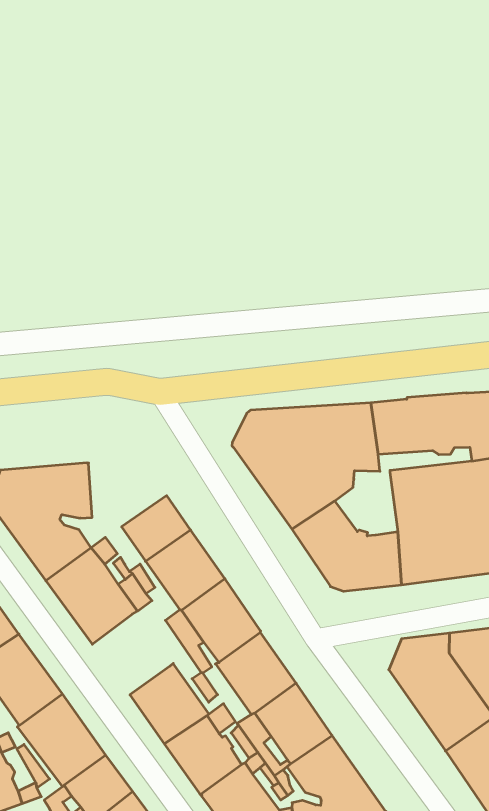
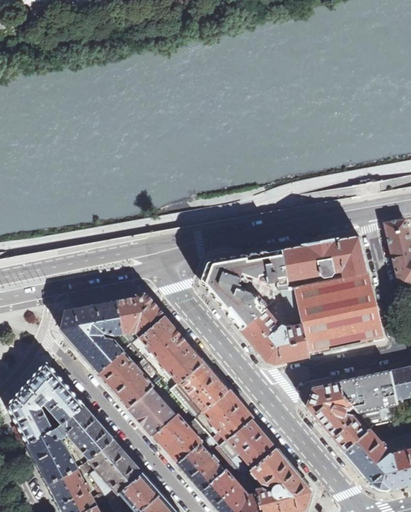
building: none -> [116,295,164,336]
building: none -> [274,289,303,327]
building: none -> [128,387,175,435]

